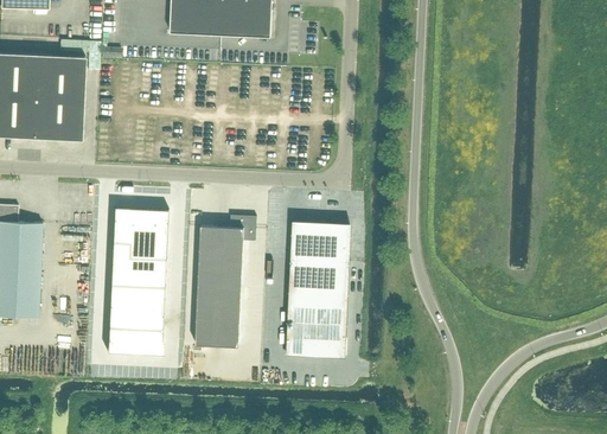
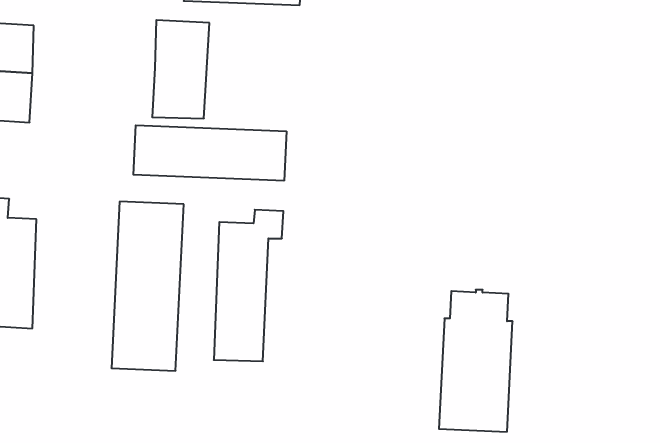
building: [36,53,85,139] -> [152,20,209,118]
building: none -> [133,125,286,181]
building: [286,234,350,357] -> [439,290,513,432]

